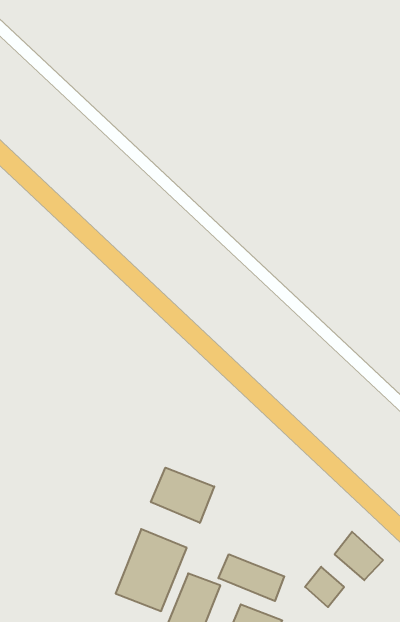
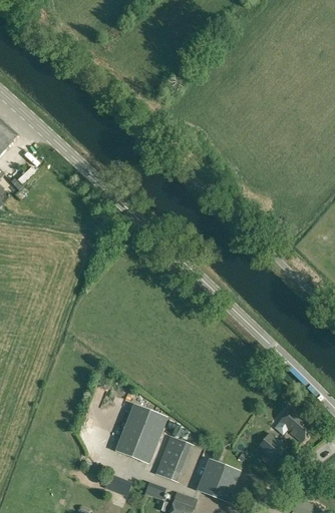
building: [151,468,214,523] -> none
building: [218,554,284,601] -> none

